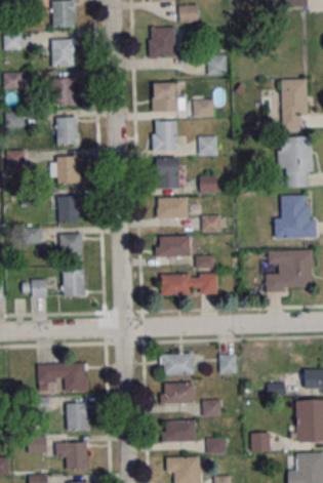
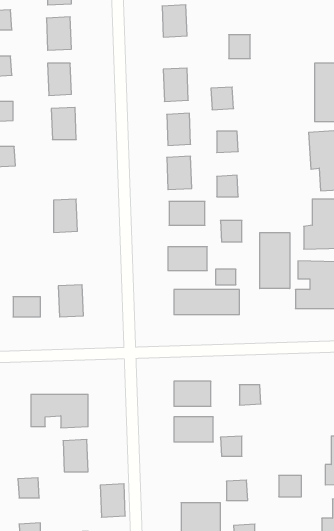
building: [56,156,78,184] -> none
building: none -> [260,233,290,289]
building: [60,233,81,261] -> none
building: [163,420,197,441] -> none
building: [66,441,87,470] -> [100,484,125,517]

